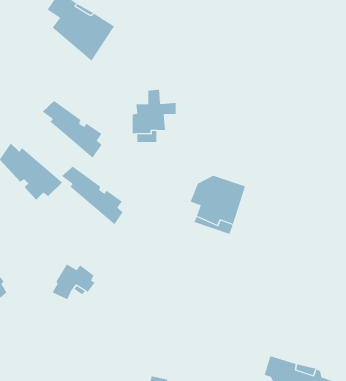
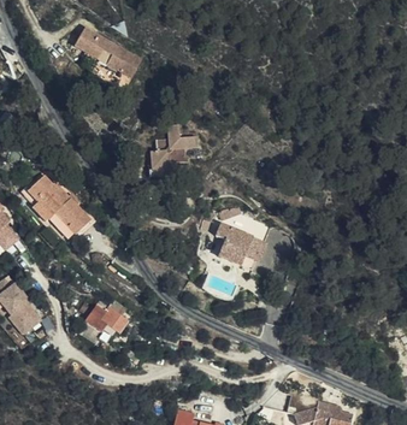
building: [42,100,102,159] -> none
building: [61,166,123,225] -> none

